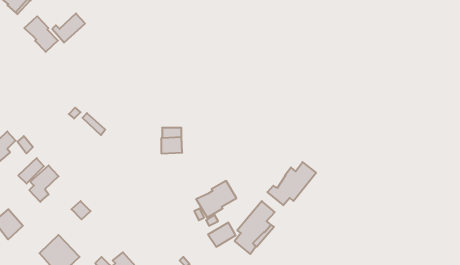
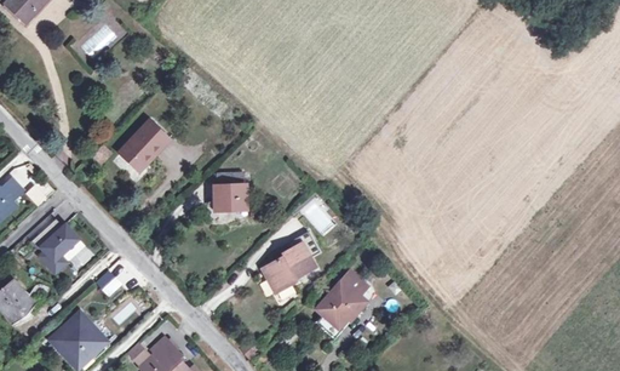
building: [24,16,58,52] -> none
building: none -> [120,121,167,170]
building: [267,162,316,205] -> none
building: [208,222,236,247] -> none

